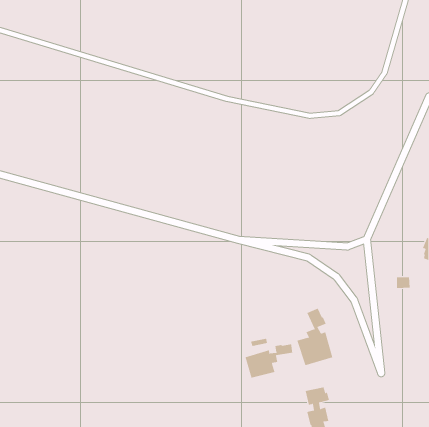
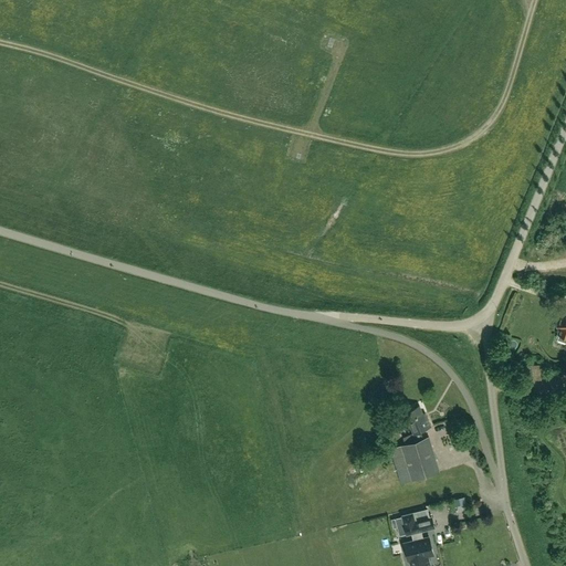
building: [245,343,293,379] -> none

